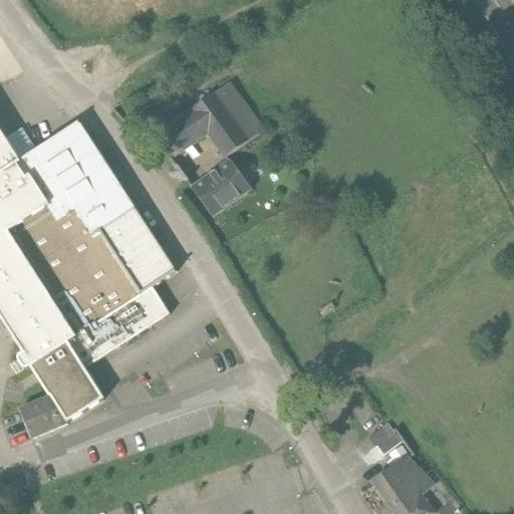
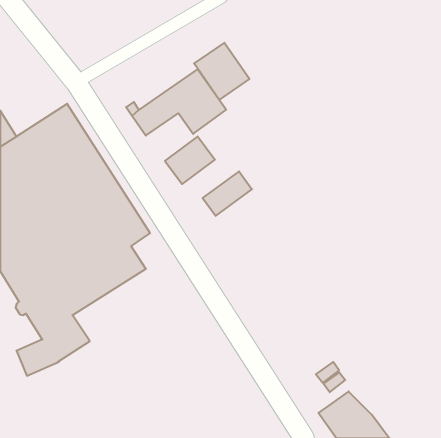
building: none -> [194,43,249,100]
building: none -> [203,171,252,216]

